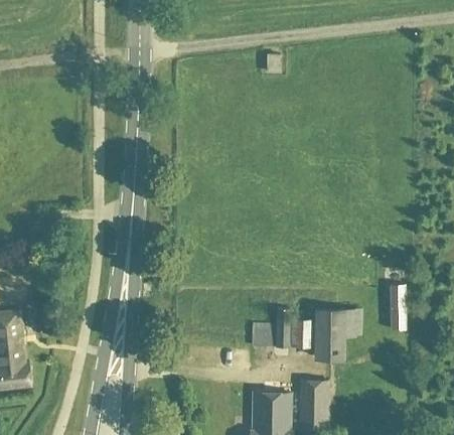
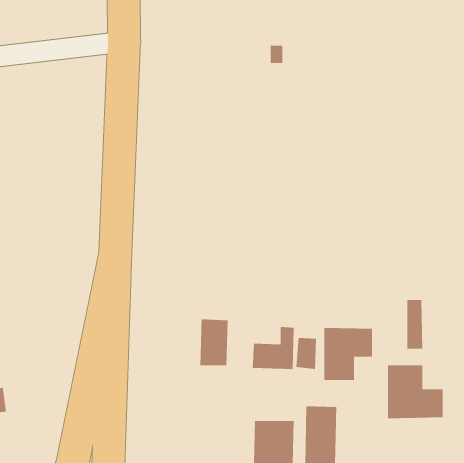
building: none -> [200,319,229,366]
building: none -> [387,364,444,419]

